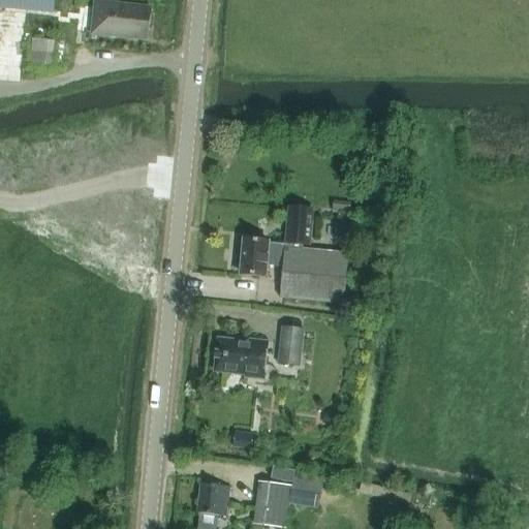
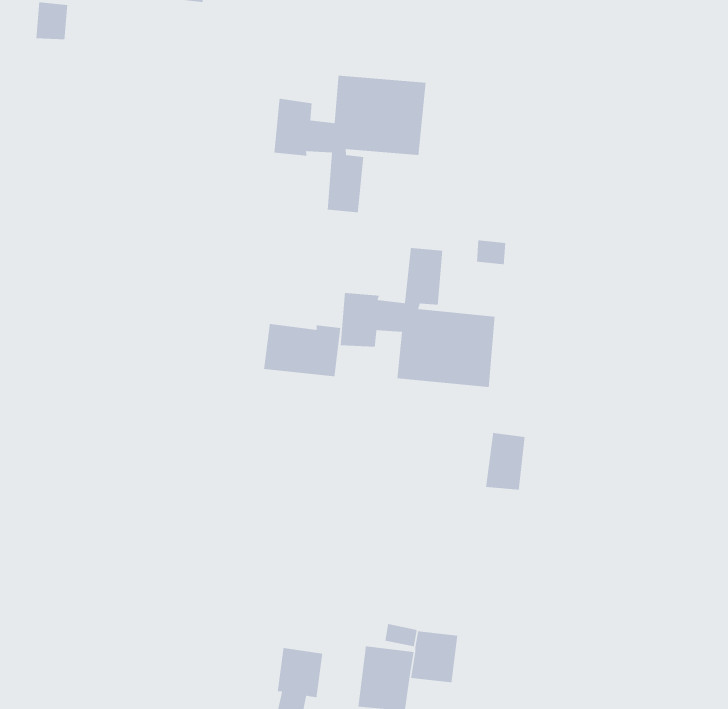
building: none -> [273,75,426,213]
building: [276,323,304,364] -> [485,432,526,491]
building: [213,337,267,374] -> [263,323,341,377]

